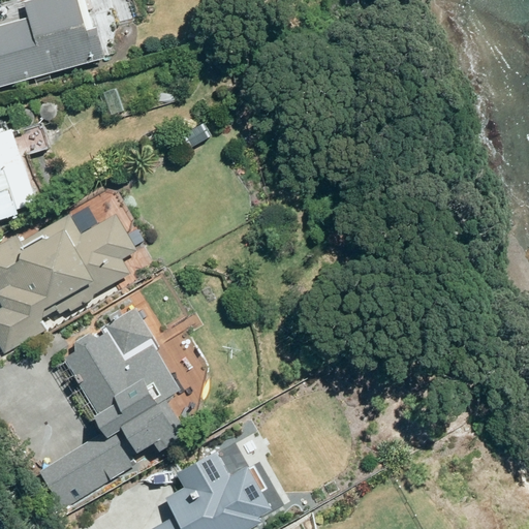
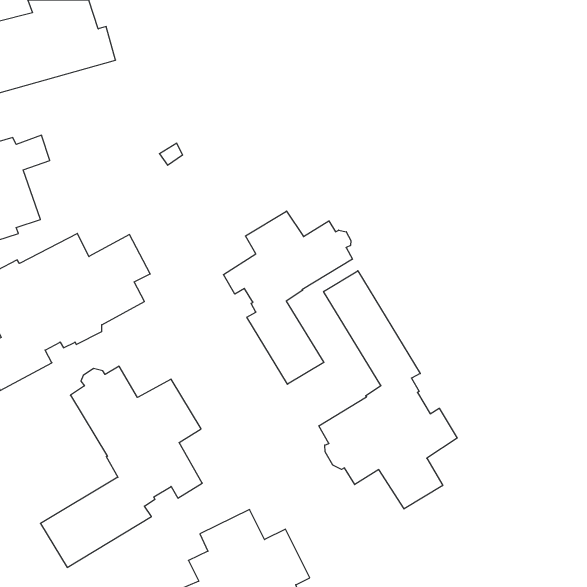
building: none -> [223,211,352,384]
building: none -> [319,271,457,509]

